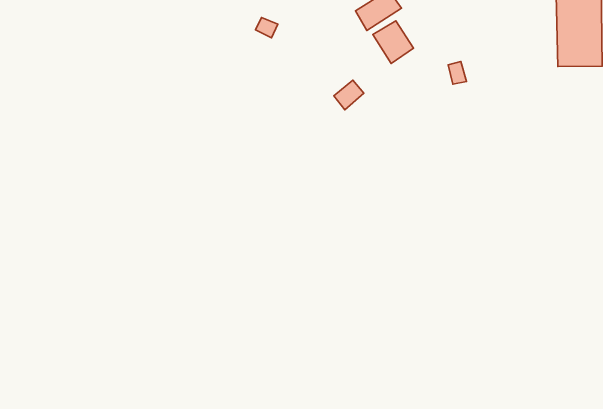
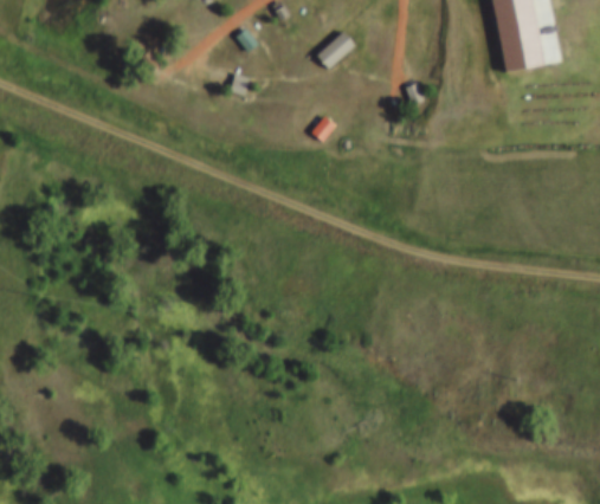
building: [373,21,414,63] -> none

